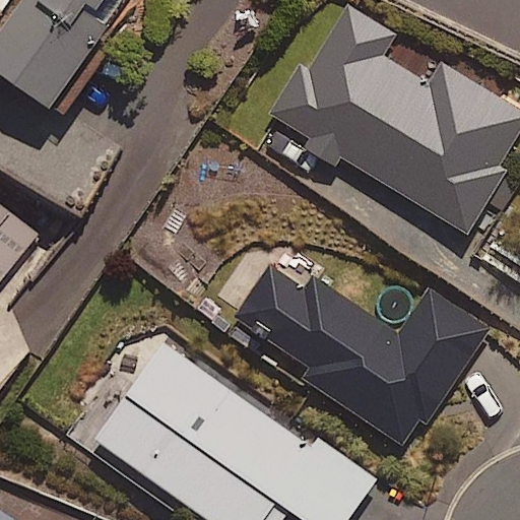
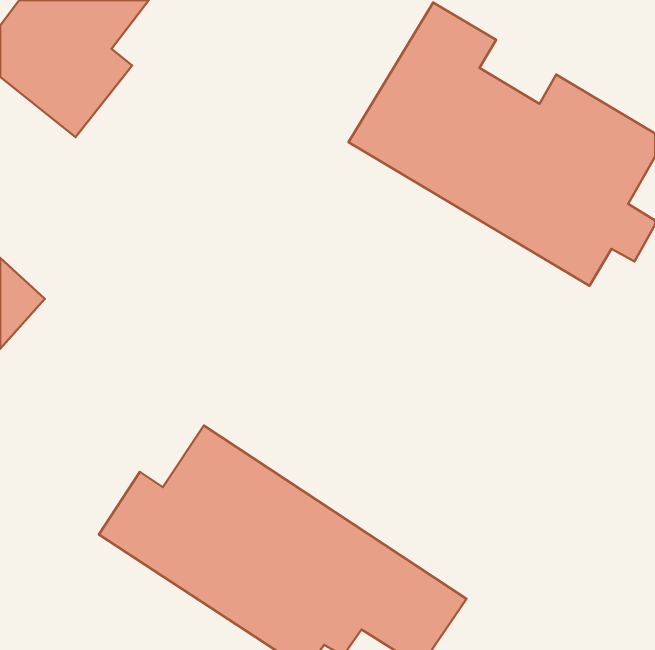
building: [235,268,488,446] -> none

